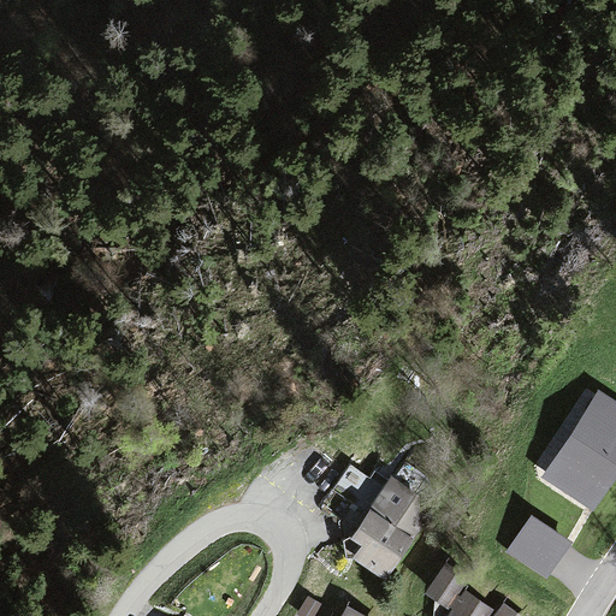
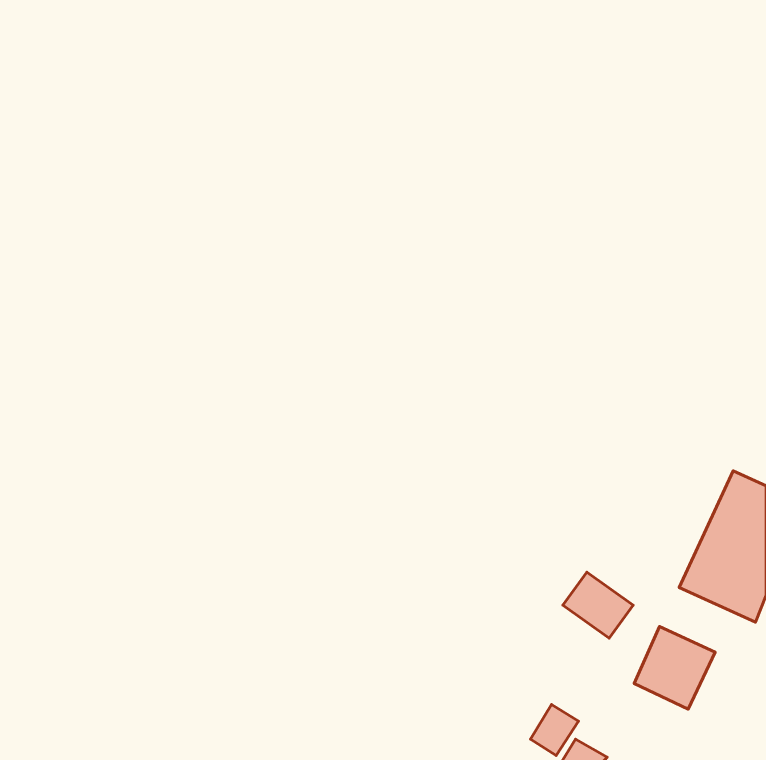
building: [371,485,427,538] -> [563,572,633,638]
building: [348,515,408,582] -> none

